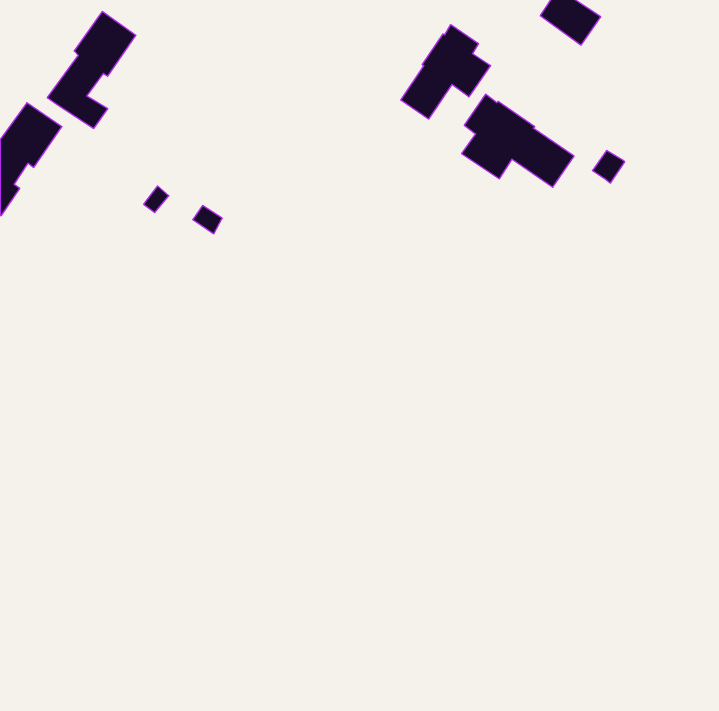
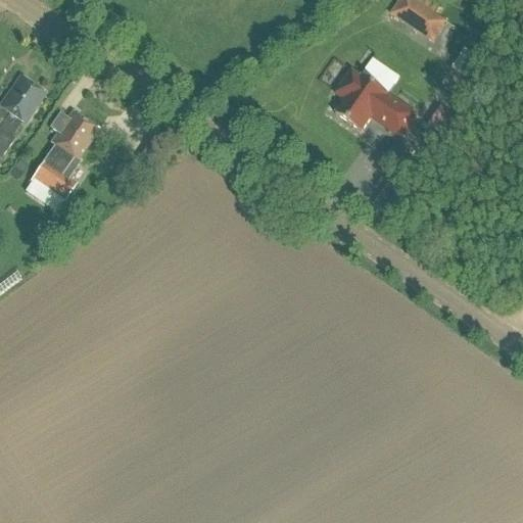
building: [47,12,136,128] -> [33,111,97,196]
building: [401,25,491,119] -> none

